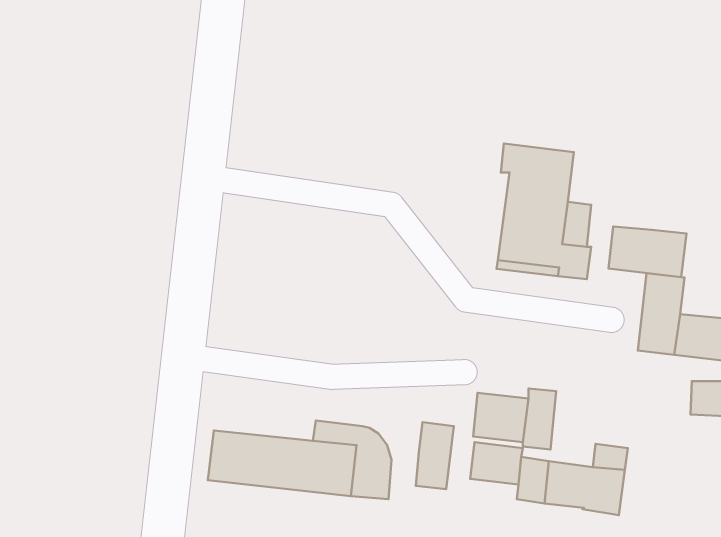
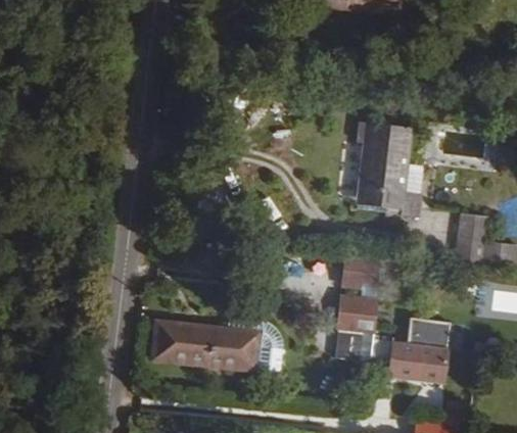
building: [608,227,686,277] -> none
building: none -> [341,254,380,290]
building: [416,422,454,489] -> none

